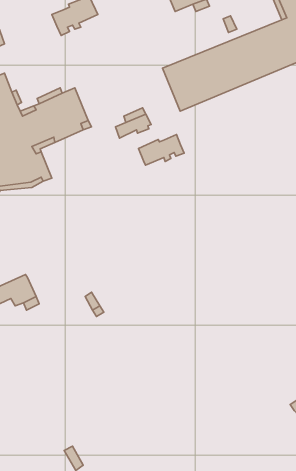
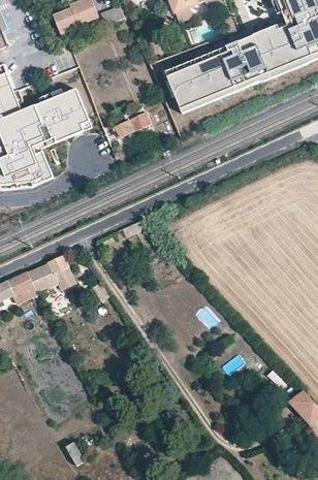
building: [139,134,184,165] -> none
building: none -> [41,255,70,288]

